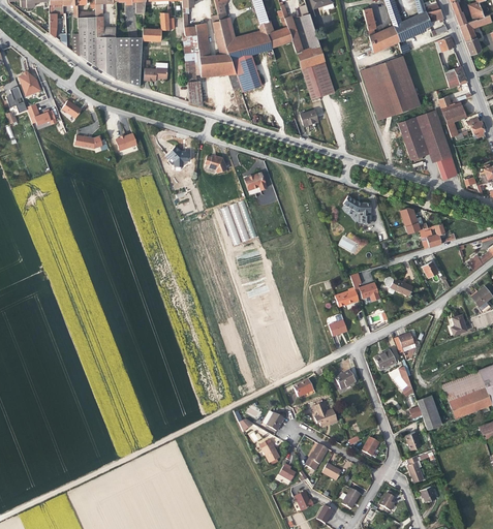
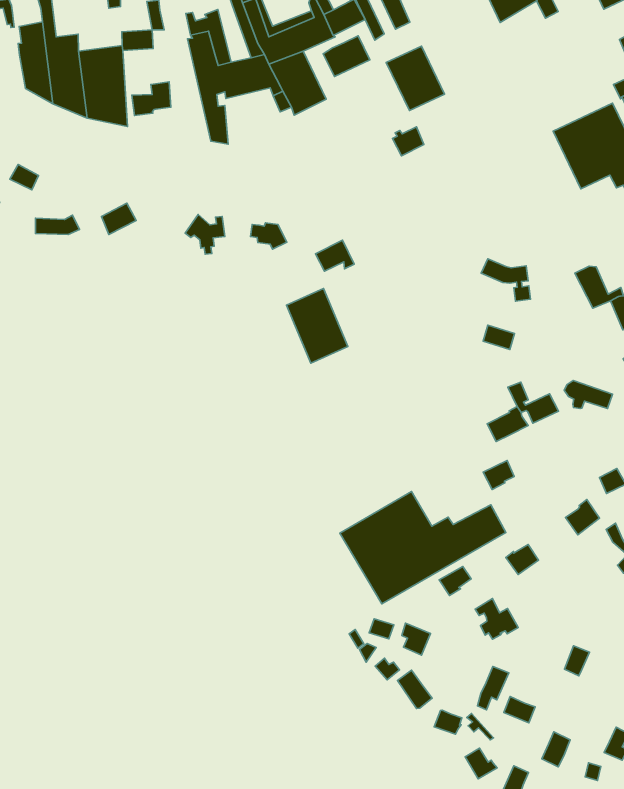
building: [297,45,325,68] -> [323,36,370,76]
building: [362,56,420,120] -> none
building: none -> [340,491,506,604]

